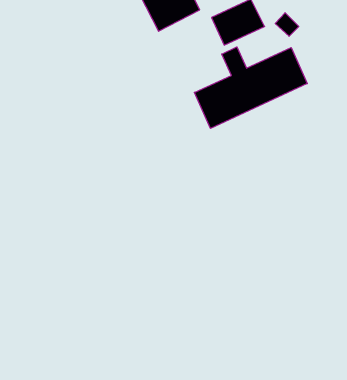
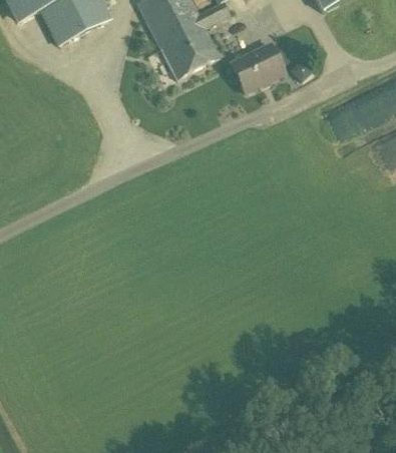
building: [194,47,307,128] -> none

